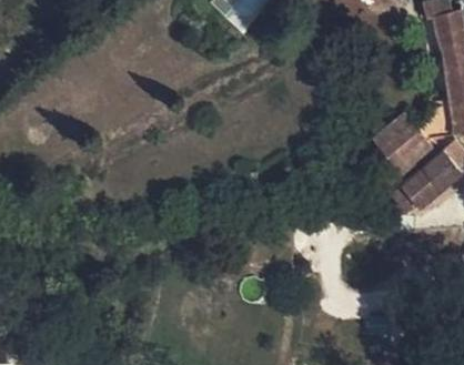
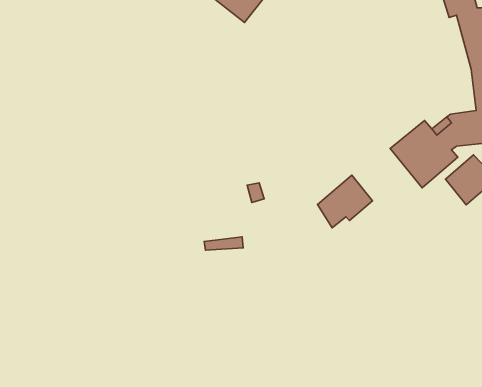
building: [392,168,442,215] -> [318,175,373,228]

